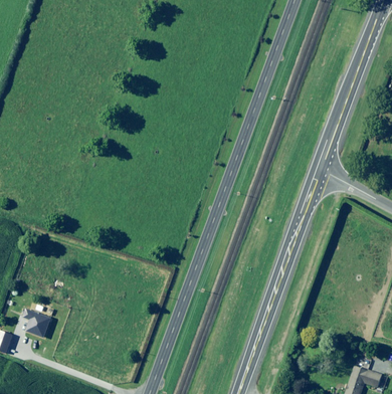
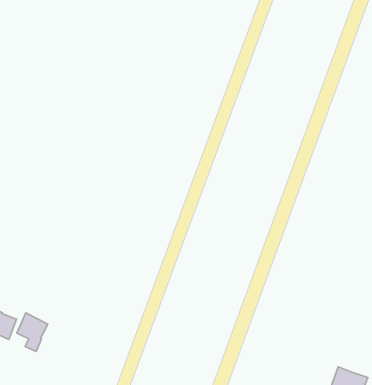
building: none -> [17,313,48,351]

